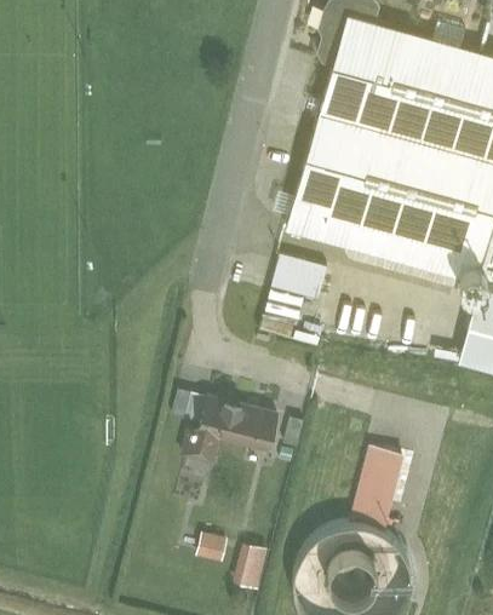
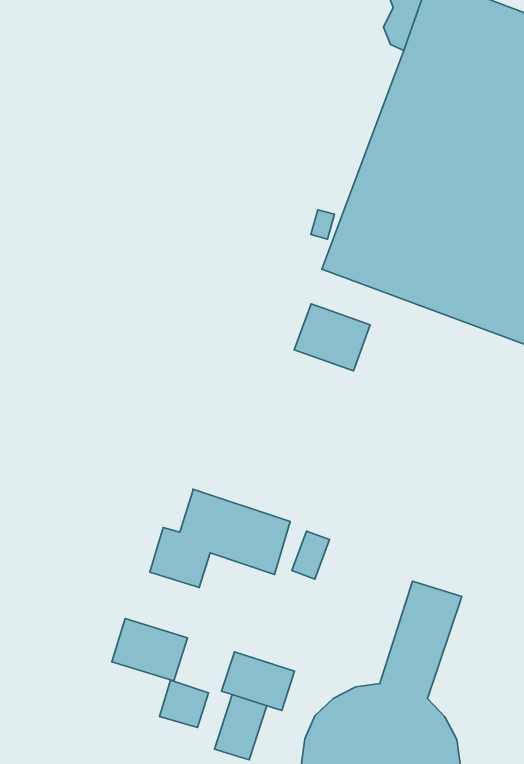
building: [171,390,206,426] -> none
building: none -> [112,618,187,681]
building: none -> [222,652,295,710]

